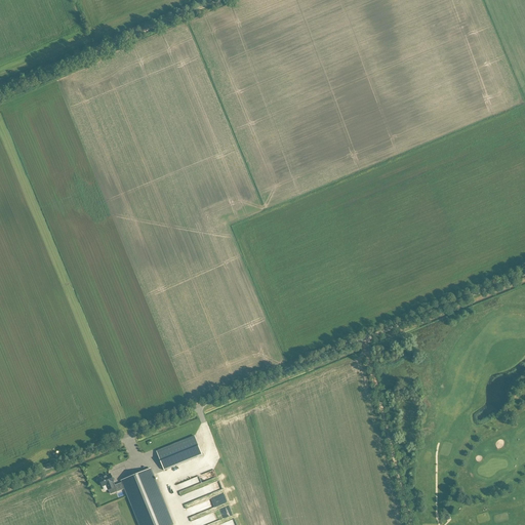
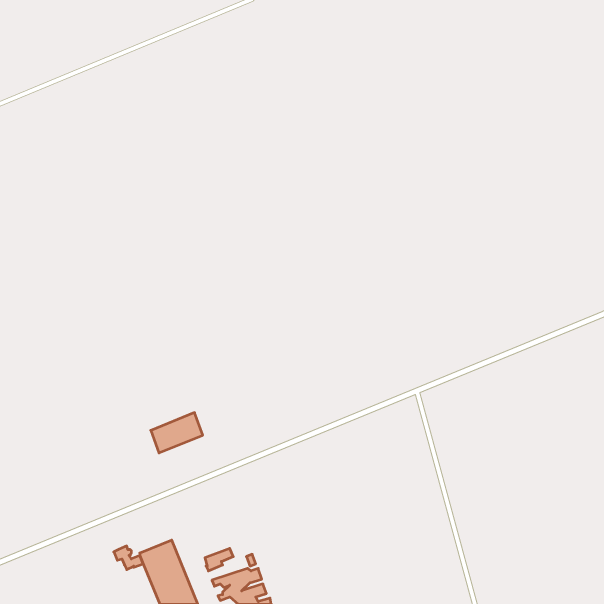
building: [156,435,201,470] -> [151,413,203,453]

